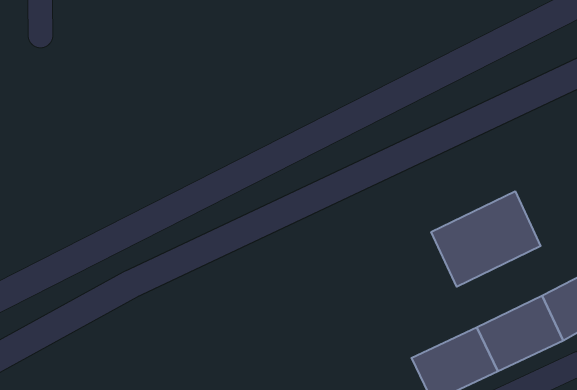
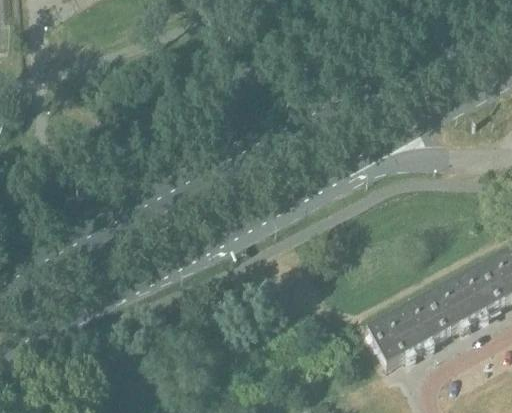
building: [431,191,541,287] -> none

